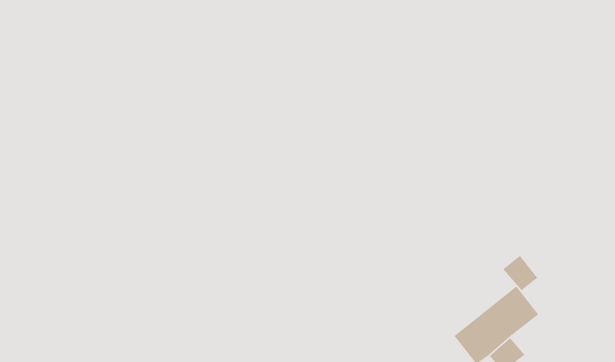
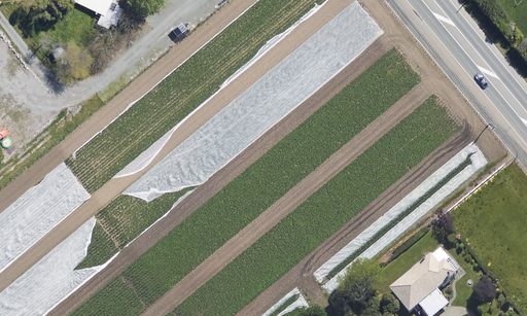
building: [502,255,538,291] -> none

